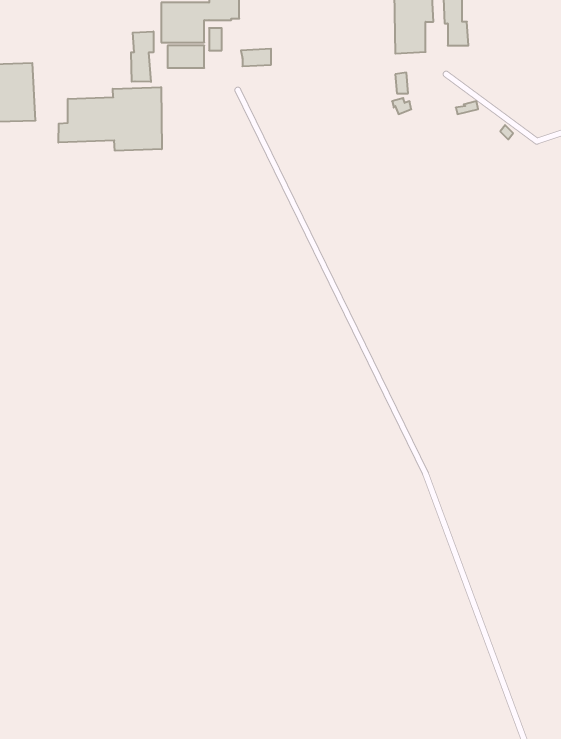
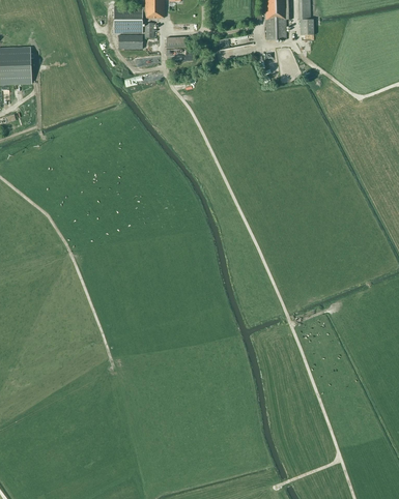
building: [131,31,153,82] -> none
building: [58,87,162,151] -> none

